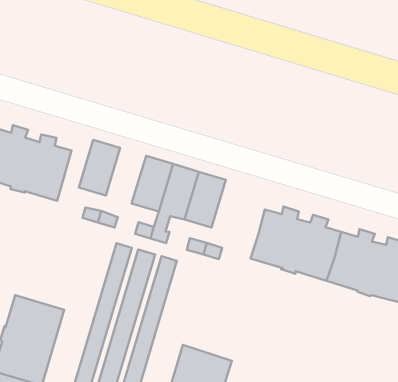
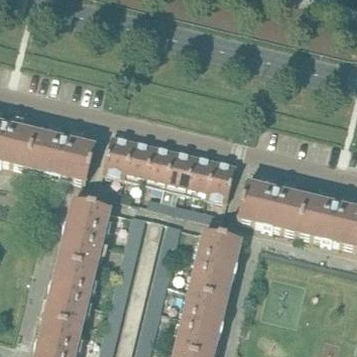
building: none -> [123,139,152,182]
building: none -> [206,159,235,202]
building: none -> [57,199,111,266]
building: none -> [189,230,241,299]

